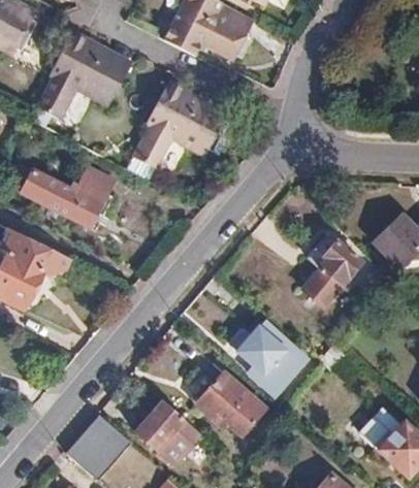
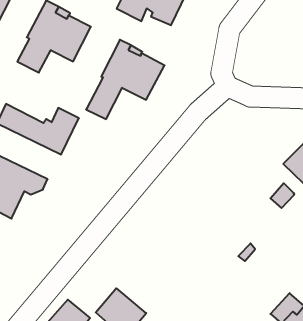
building: [302,234,362,306] -> none
building: [229,319,318,404] -> none
building: [194,370,265,434] -> none

